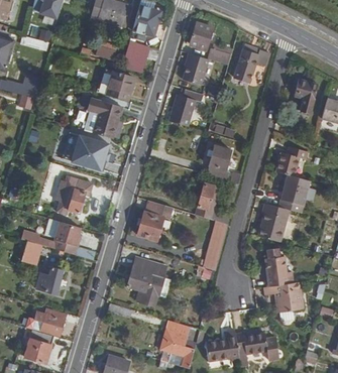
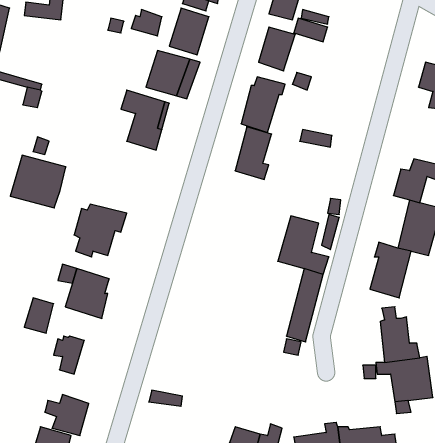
building: [235,41,268,77] -> none
building: [72,135,110,171] -> [10,155,66,208]
building: [206,144,231,180] -> [235,127,272,179]
building: [137,200,172,240] -> none
building: [127,256,173,306] -> none

